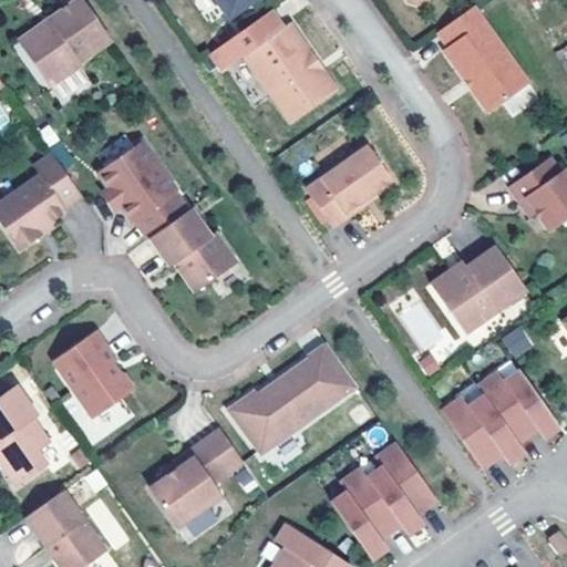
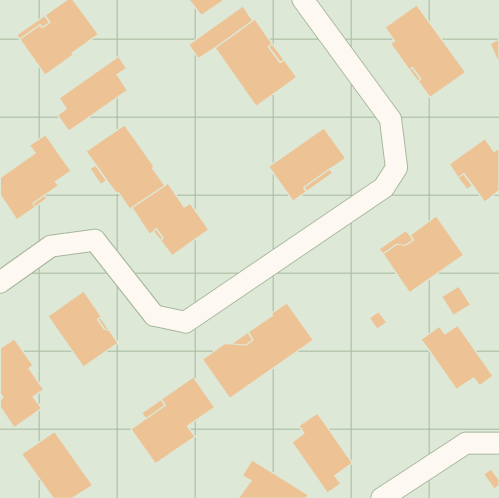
building: none -> [58,56,128,131]
building: [441,394,524,467] -> none
building: [367,443,436,534] -> none

